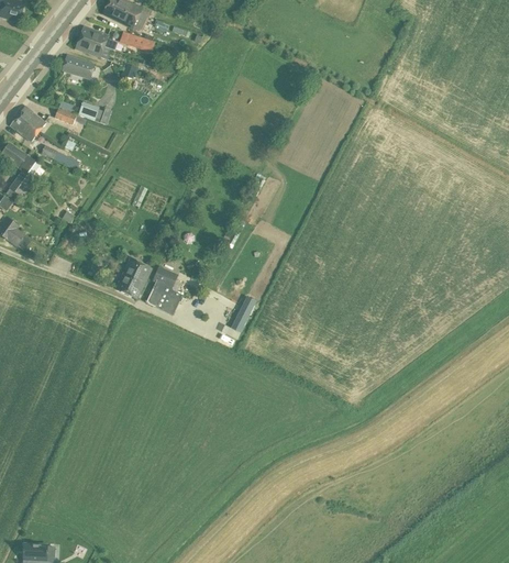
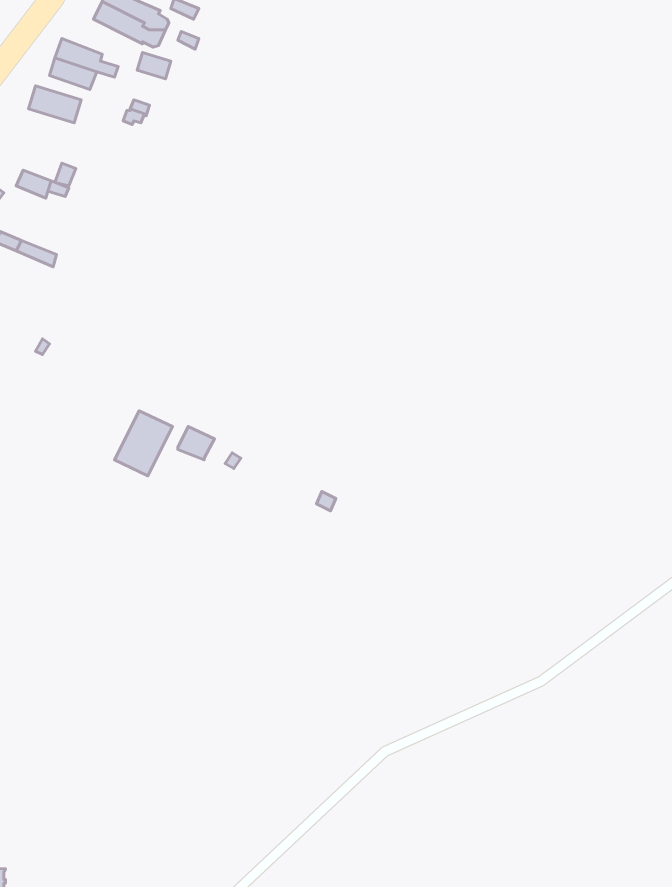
building: [146,282,182,314] -> none

